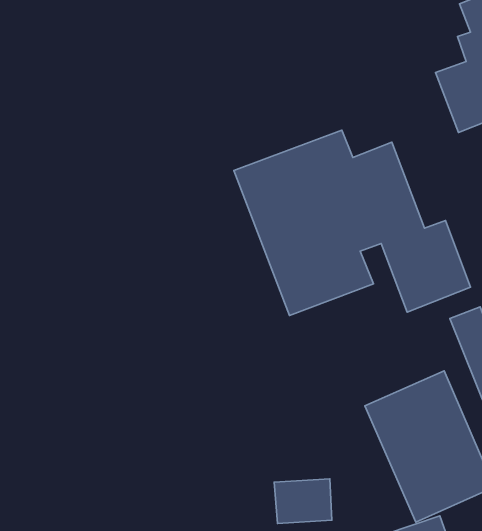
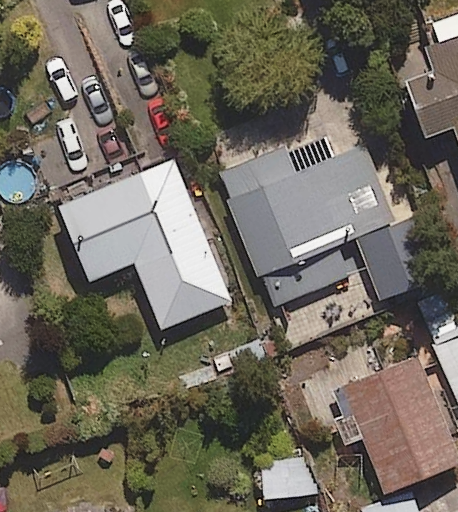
building: none -> [58,160,231,330]

